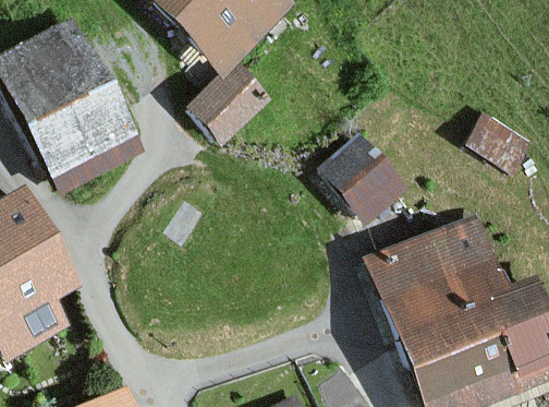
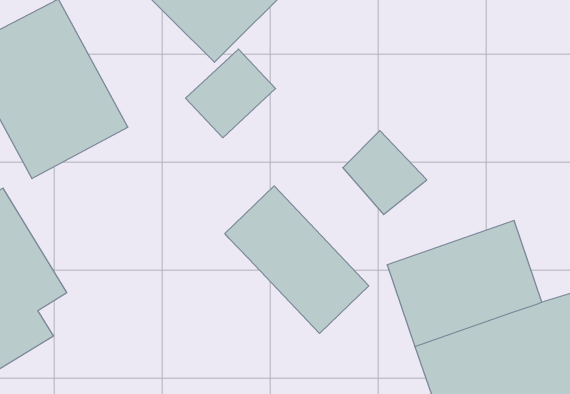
building: none -> [225,186,369,333]

